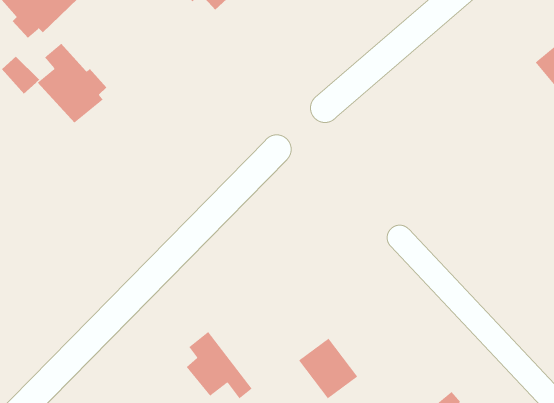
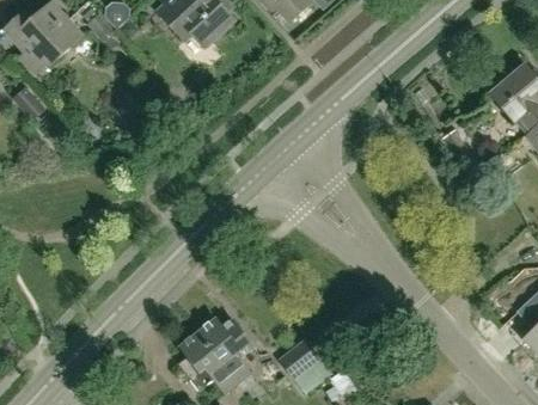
building: [37,43,107,124] -> none
building: none -> [197,319,253,383]

